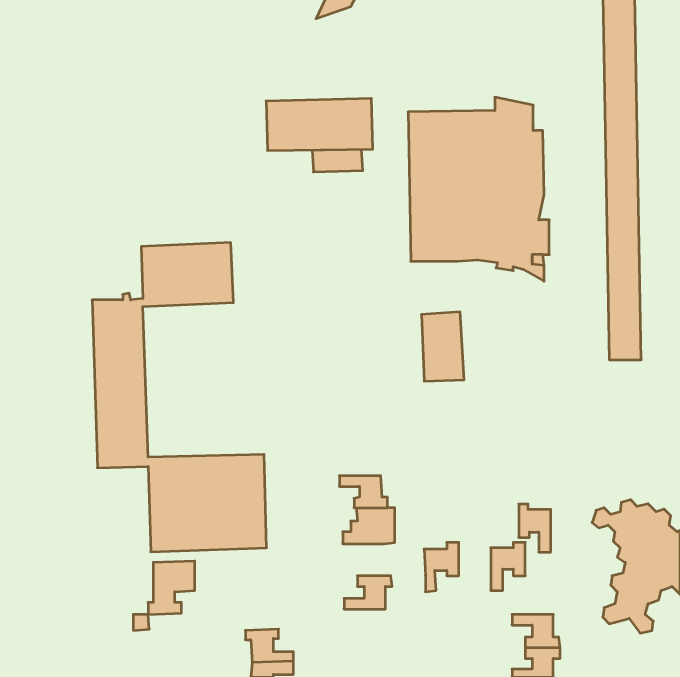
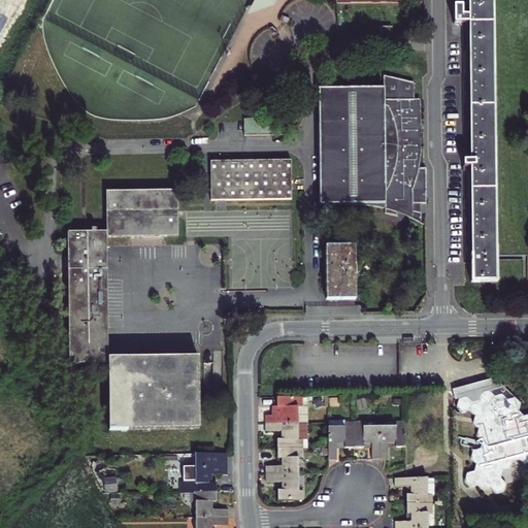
building: [266,98,373,150] -> [210,158,293,198]
building: [339,476,387,508] -> [265,421,302,446]
building: [519,504,551,552] -> [355,420,380,457]
building: [148,561,195,614] -> [190,447,226,488]
building: none -> [266,471,303,497]

